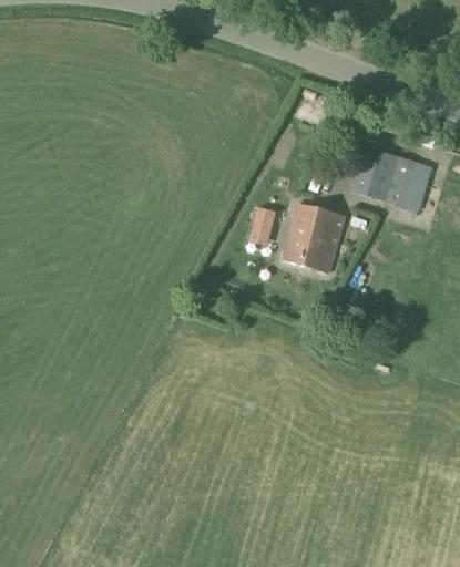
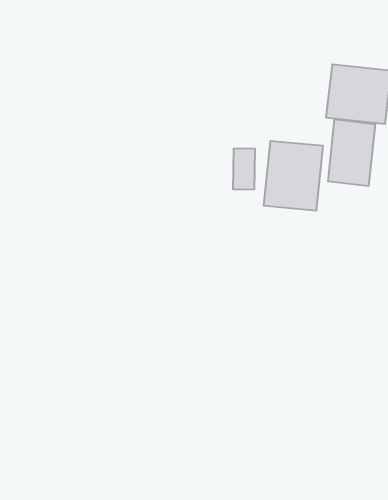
building: none -> [328,119,375,186]

